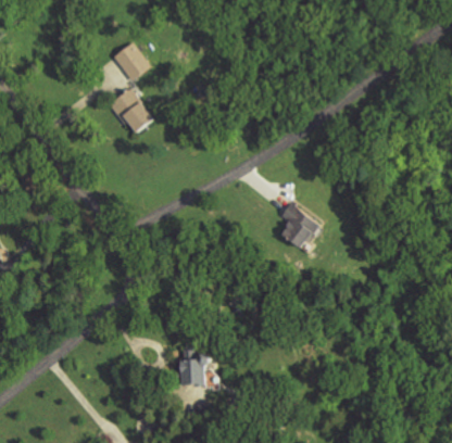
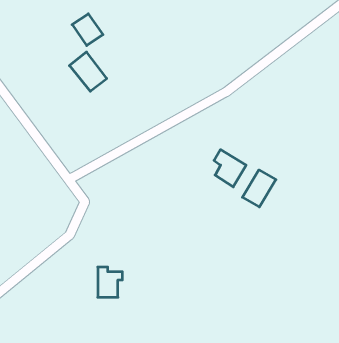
building: none -> [242,170,276,207]
building: [183,350,212,385] -> [98,267,122,297]

